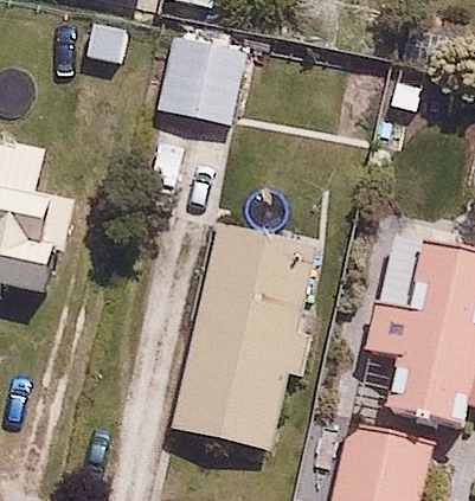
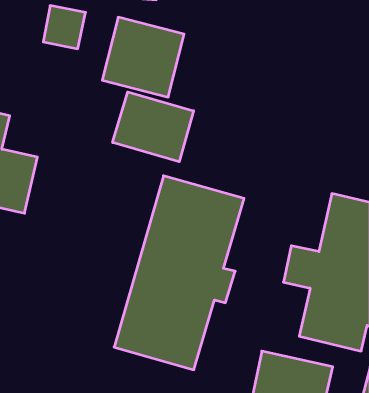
building: none -> [113,92,194,162]

